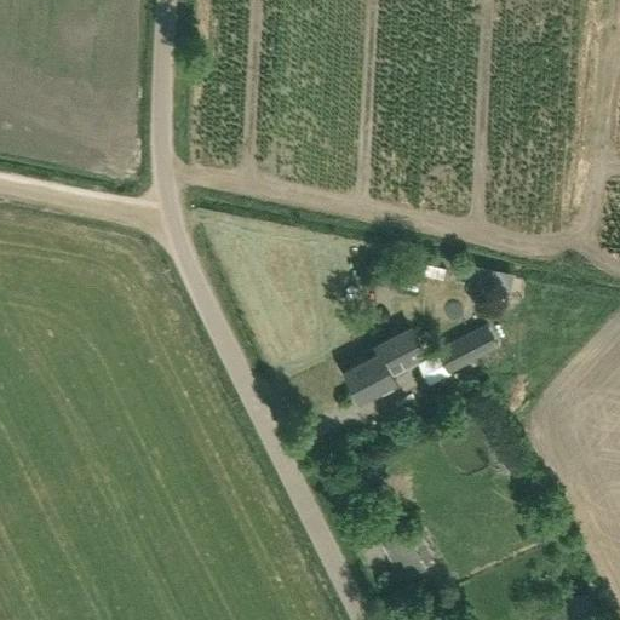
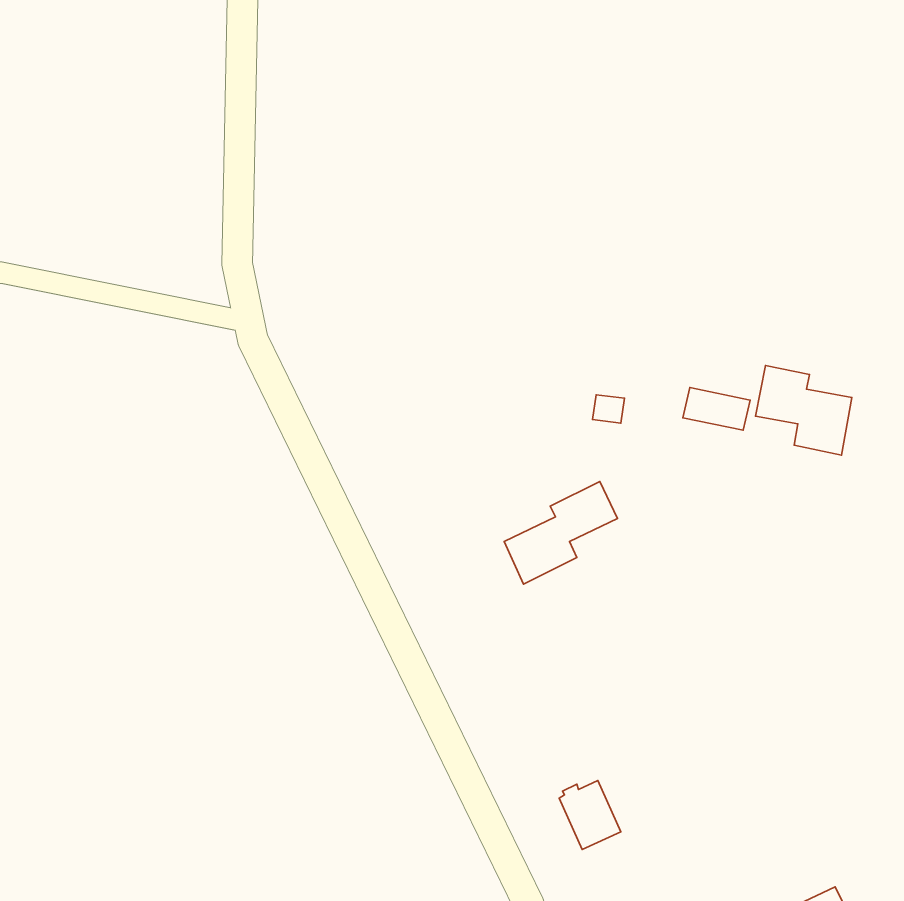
building: none -> [756,366,852,455]
building: [438,332,496,374] -> none

